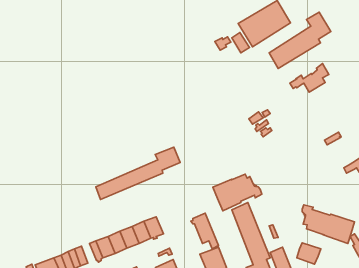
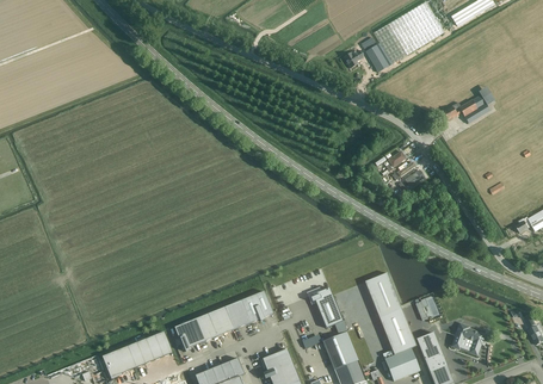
building: [269,12,331,69] -> none
building: [96,147,180,200] -> none
building: [213,174,262,211] -> none
building: [302,205,355,243] -> none

